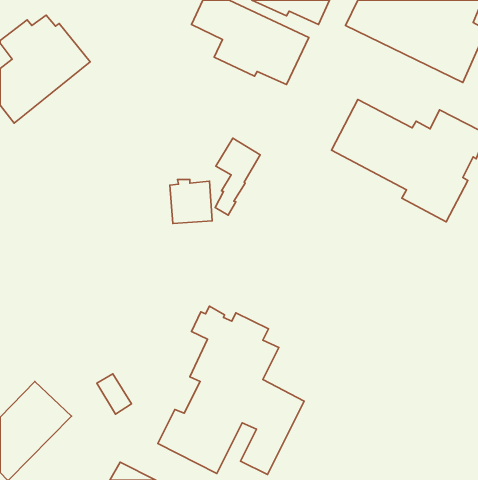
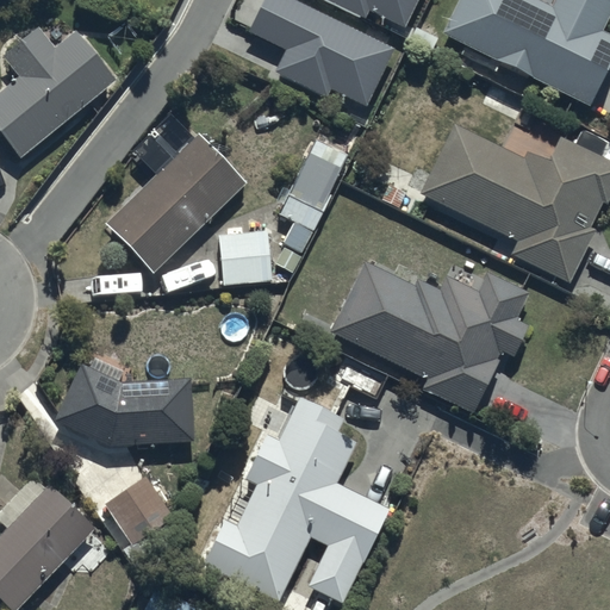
building: none -> [105,131,247,272]
building: none -> [330,261,529,411]
building: none -> [54,353,197,446]

